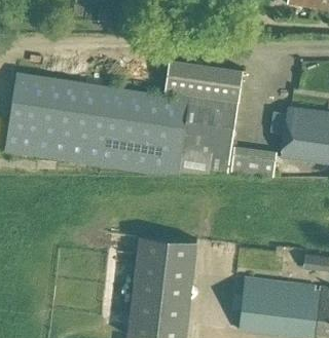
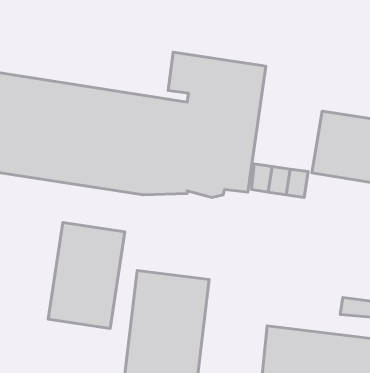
building: none -> [48,223,125,328]

